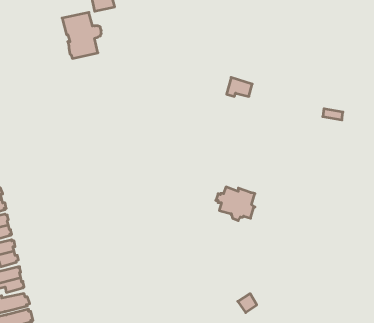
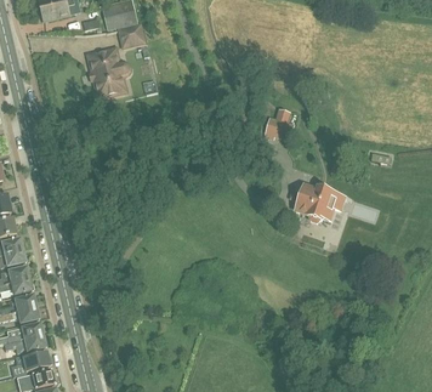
building: [216,187,255,221] -> [292,186,335,222]

